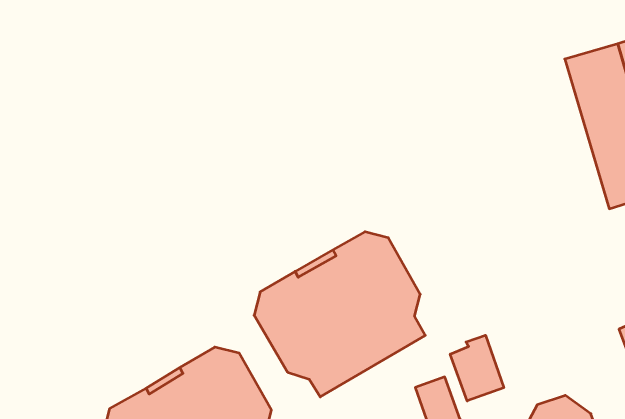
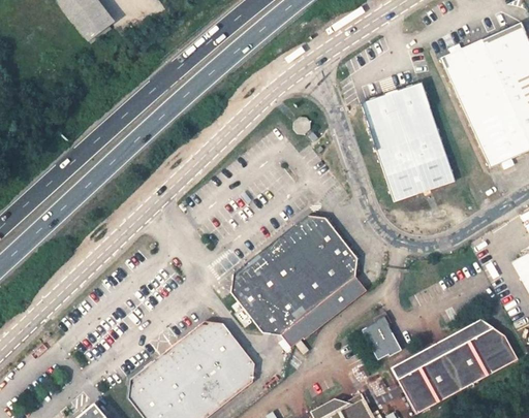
building: none -> [362,81,455,200]
building: [450,335,504,401] -> none

